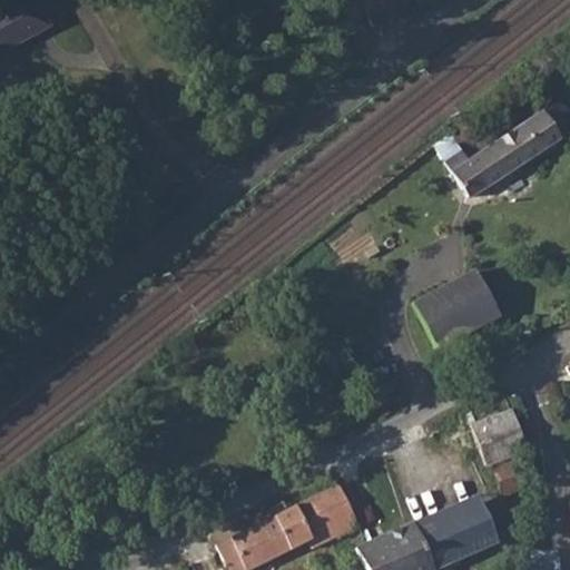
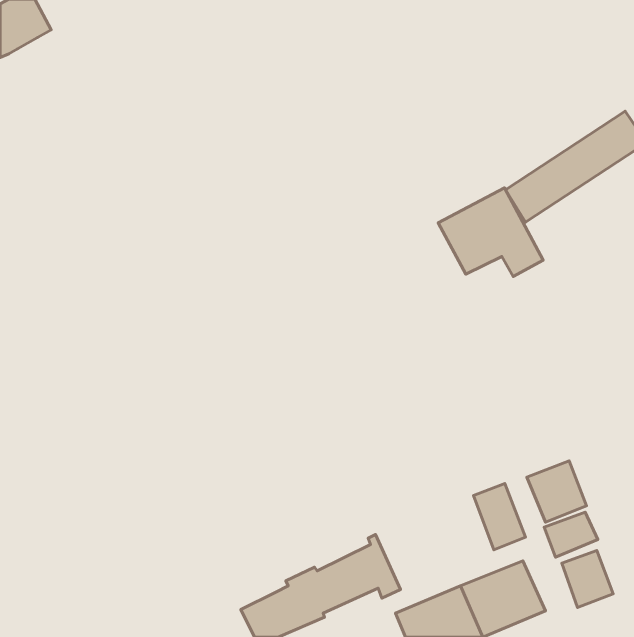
building: [415,272,509,351] -> [438,188,543,277]
building: none -> [474,483,526,550]
building: none -> [562,550,613,607]

